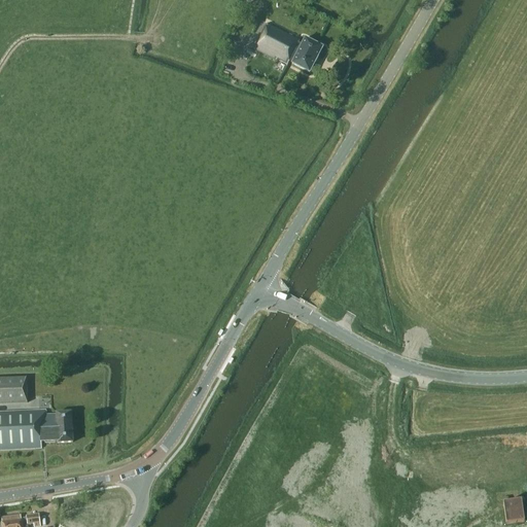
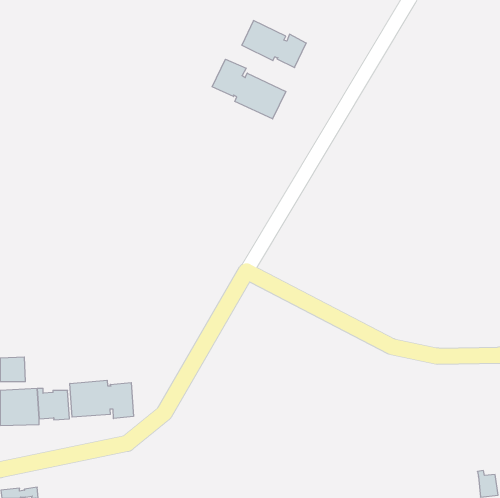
building: none -> [212,59,286,119]
building: none -> [70,380,133,419]

